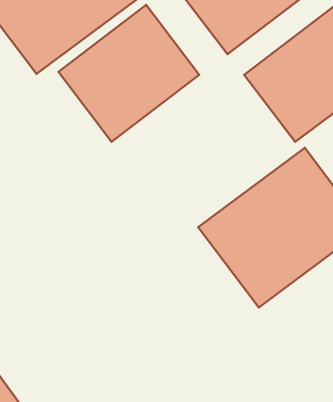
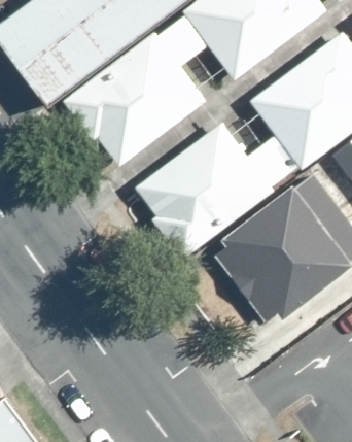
building: none -> [136,122,274,256]

